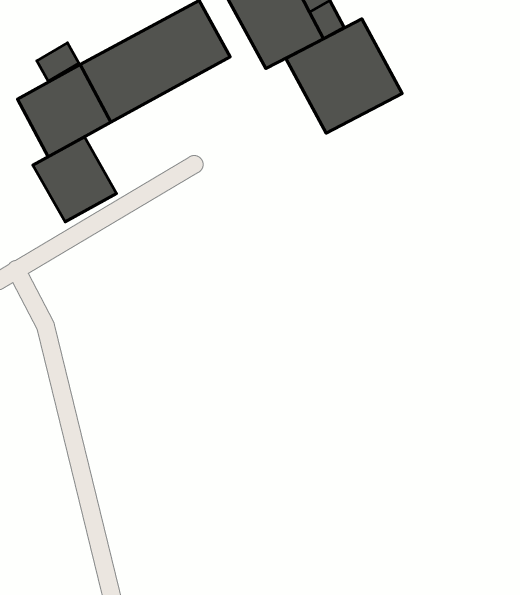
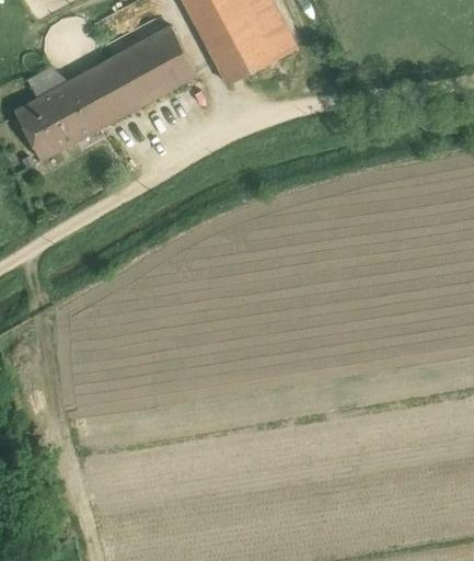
building: [286,19,402,133] -> none
building: [33,137,117,222] -> none

